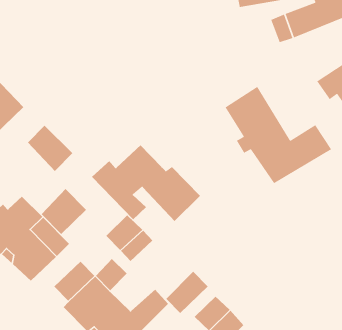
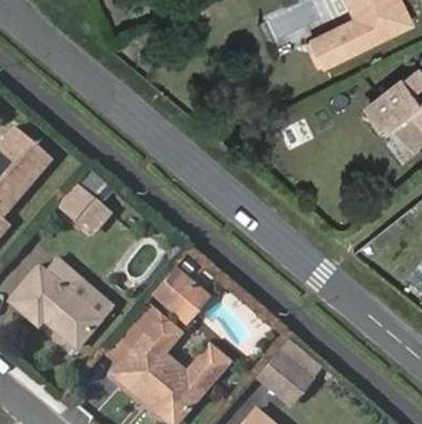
building: [224,86,332,184] -> none
building: [91,144,201,222] -> none
building: [41,188,87,235] -> none
building: [166,271,209,314] -> none

